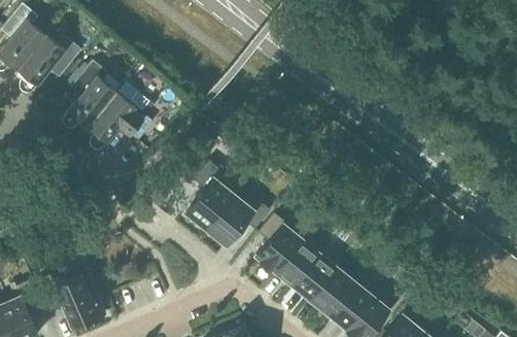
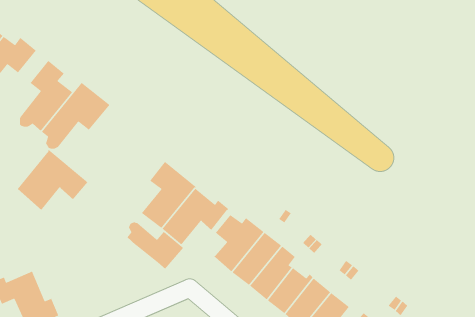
building: none -> [17,148,89,211]
building: none -> [127,222,184,270]

